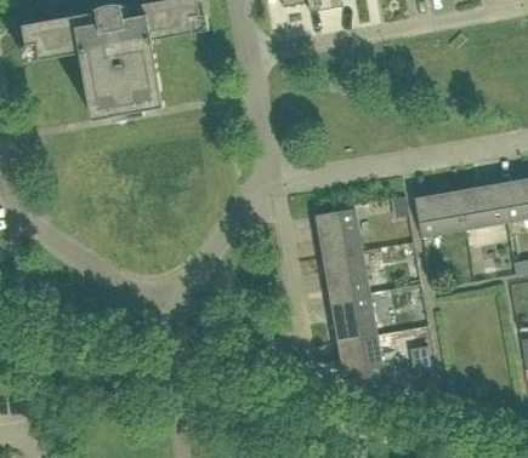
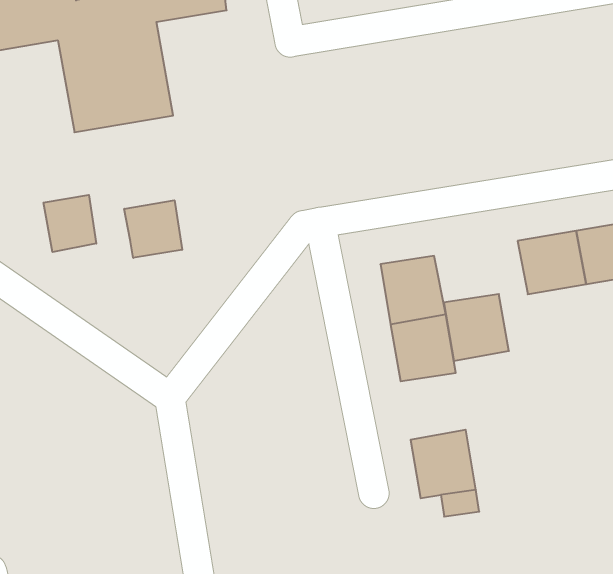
building: none -> [44,195,96,252]
building: none -> [124,200,182,258]
building: [329,292,376,340] -> [444,294,509,361]

